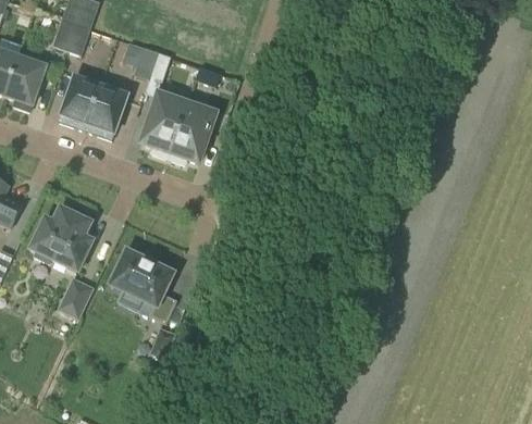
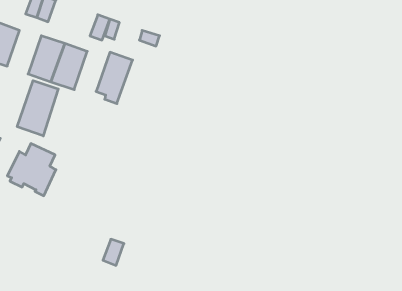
building: [166,102,215,163] -> none
building: none -> [17,81,58,136]
building: [104,245,175,322] -> none
building: [55,275,92,317] -> none

